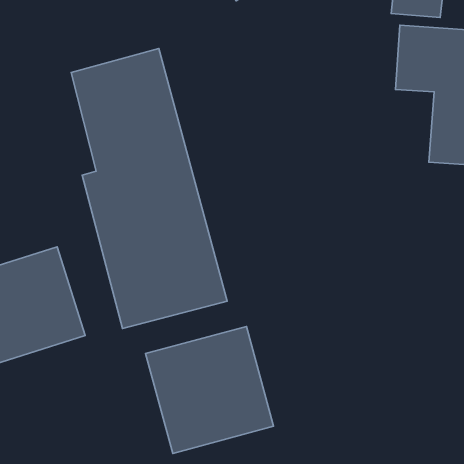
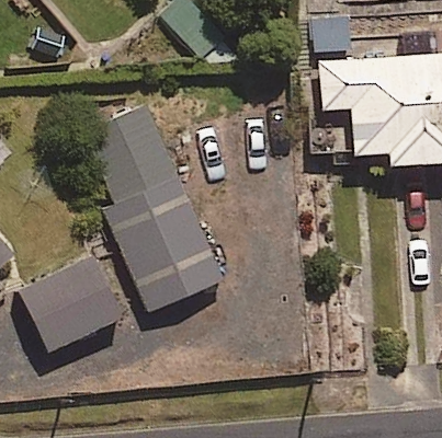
building: [146,327,274,453] -> none

